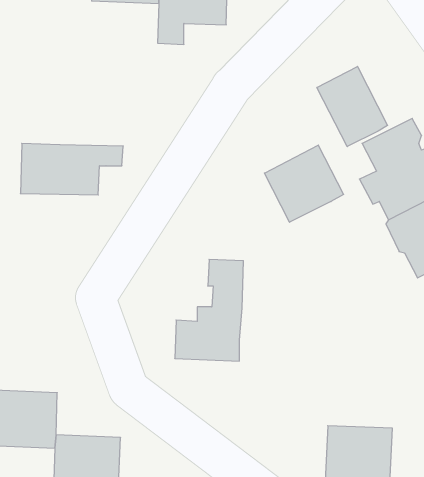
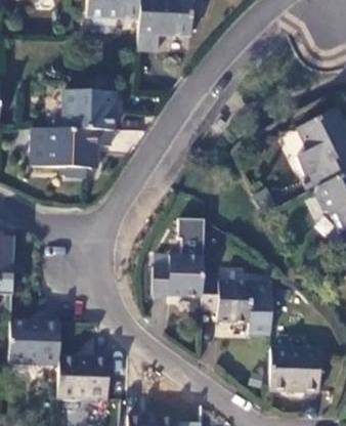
building: [317,66,388,147] -> none
building: none -> [62,91,116,131]
building: [264,145,344,222] -> none
building: none -> [201,281,272,334]

